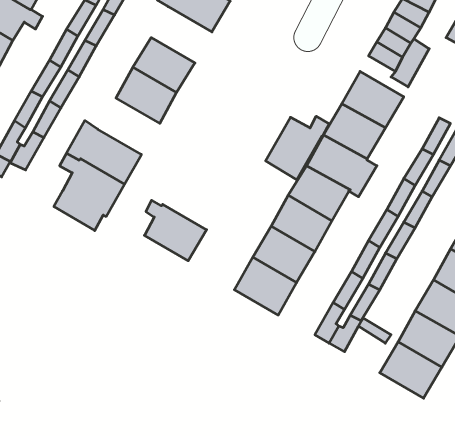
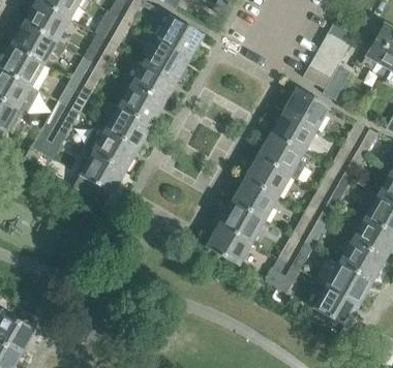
building: none -> [145,39,189,81]
building: [266,116,329,180] -> none
building: [144,200,207,261] -> [105,103,151,148]

